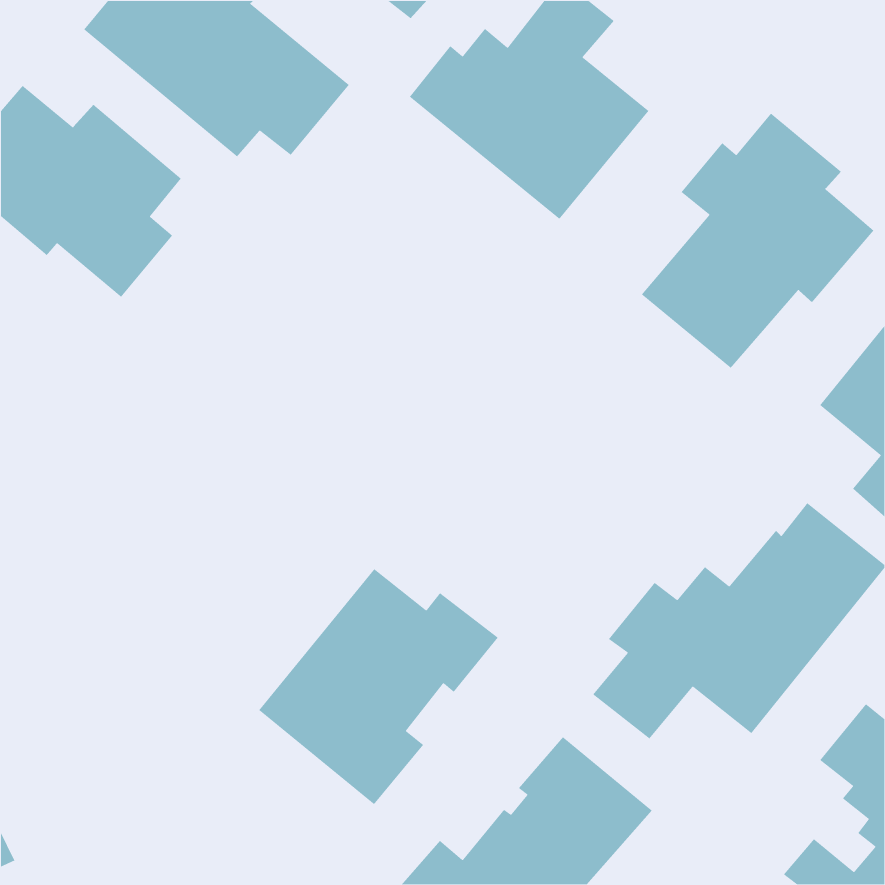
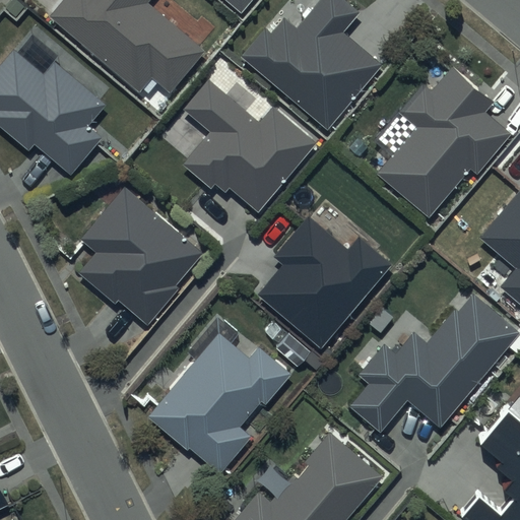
building: none -> [183,80,318,212]
building: none -> [79,189,200,325]
building: none -> [258,216,391,347]

